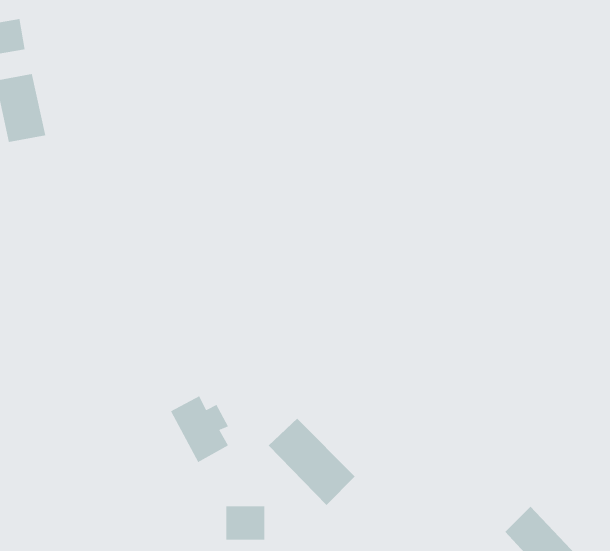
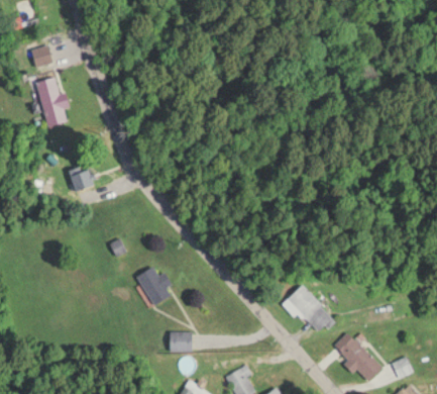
building: none -> [69,165,95,191]
building: [268,418,356,506] -> [285,285,336,336]

